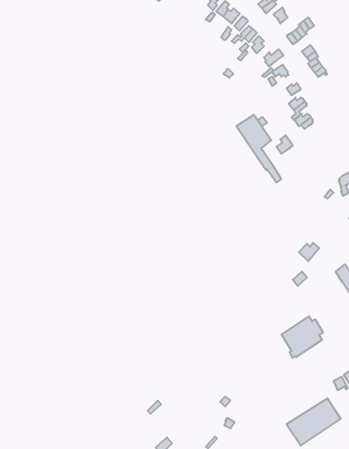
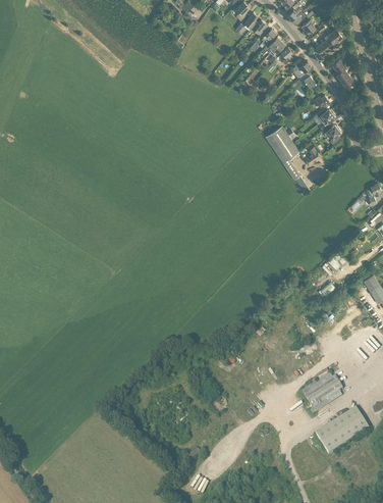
building: [281,316,323,358] -> [300,371,342,413]

